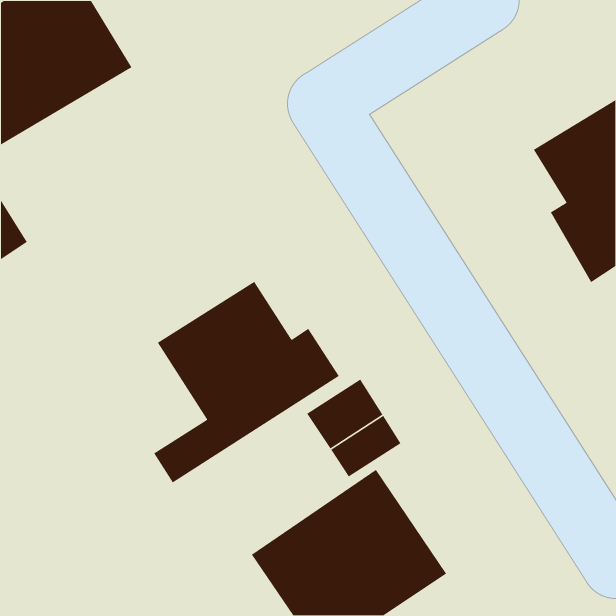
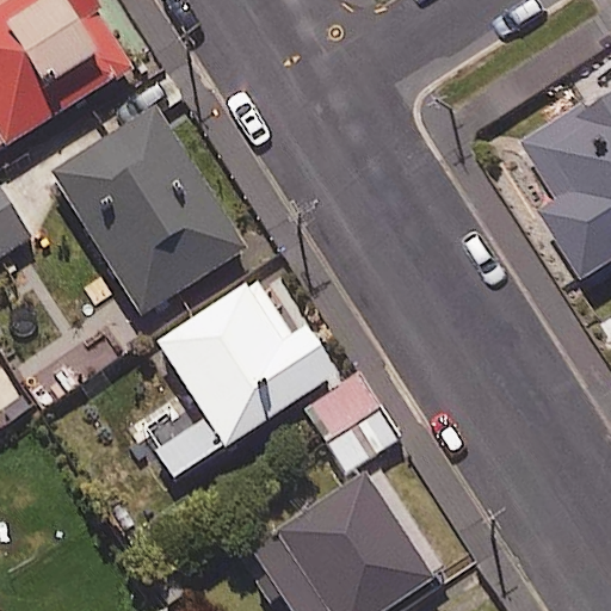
building: none -> [47,75,240,314]

